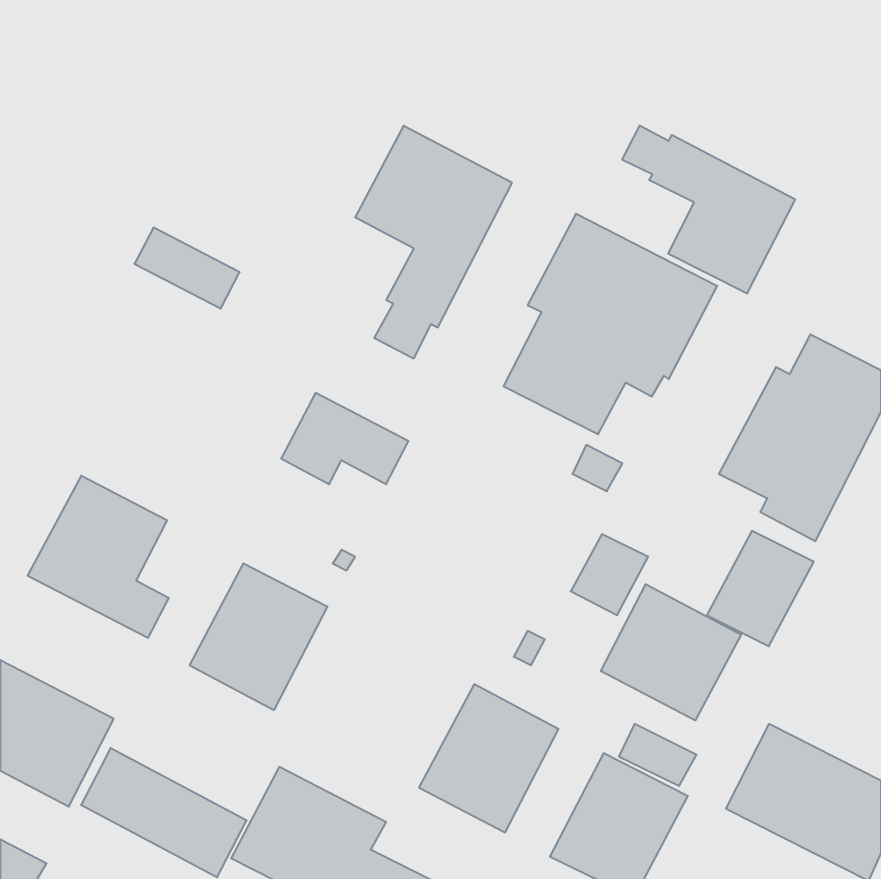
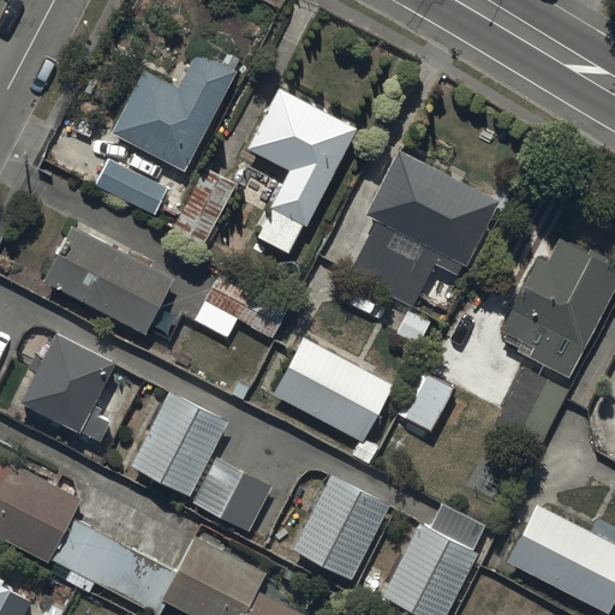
building: none -> [109,52,235,173]
building: [622,125,795,294] -> none
building: none -> [177,168,234,237]
building: none -> [42,225,177,334]
building: none -> [274,338,393,442]
building: [601,584,741,720] -> none
building: none -> [197,459,273,531]

